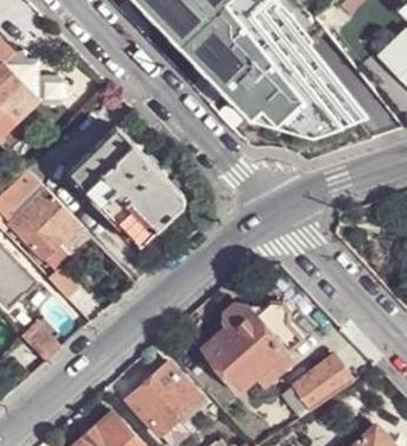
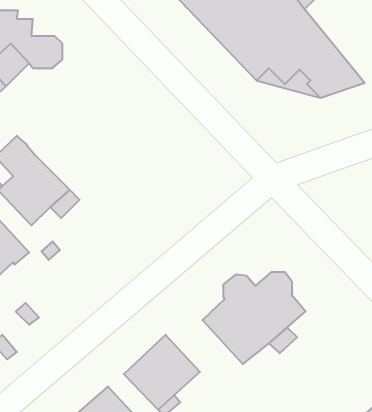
building: [65,126,180,246] -> none
building: [281,355,352,418] -> none

